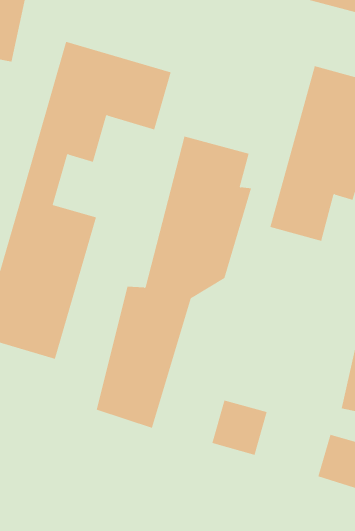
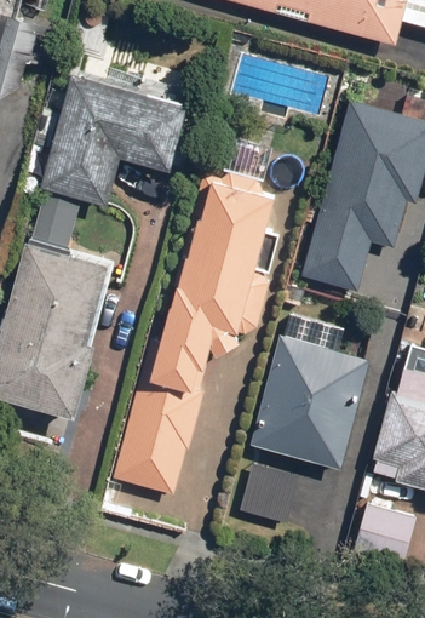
building: none -> [247,334,371,470]

